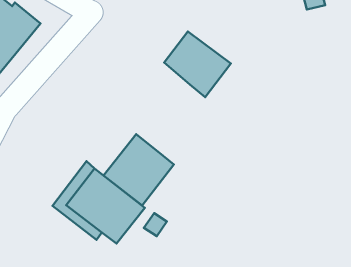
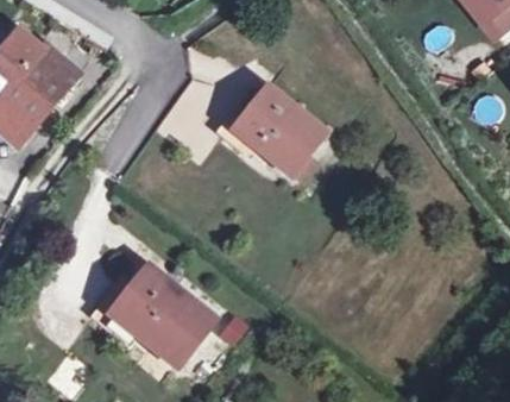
building: none -> [227,76,277,161]
building: [104,134,174,206] -> none

